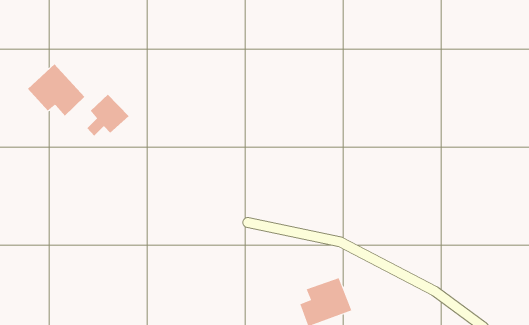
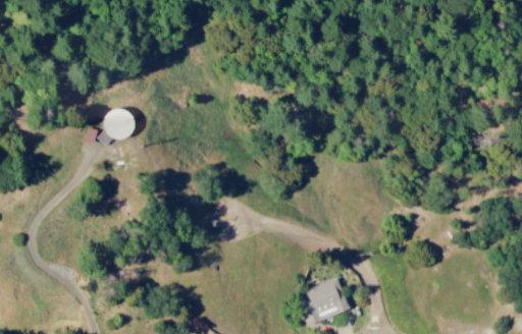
building: [27,63,85,116] -> none

